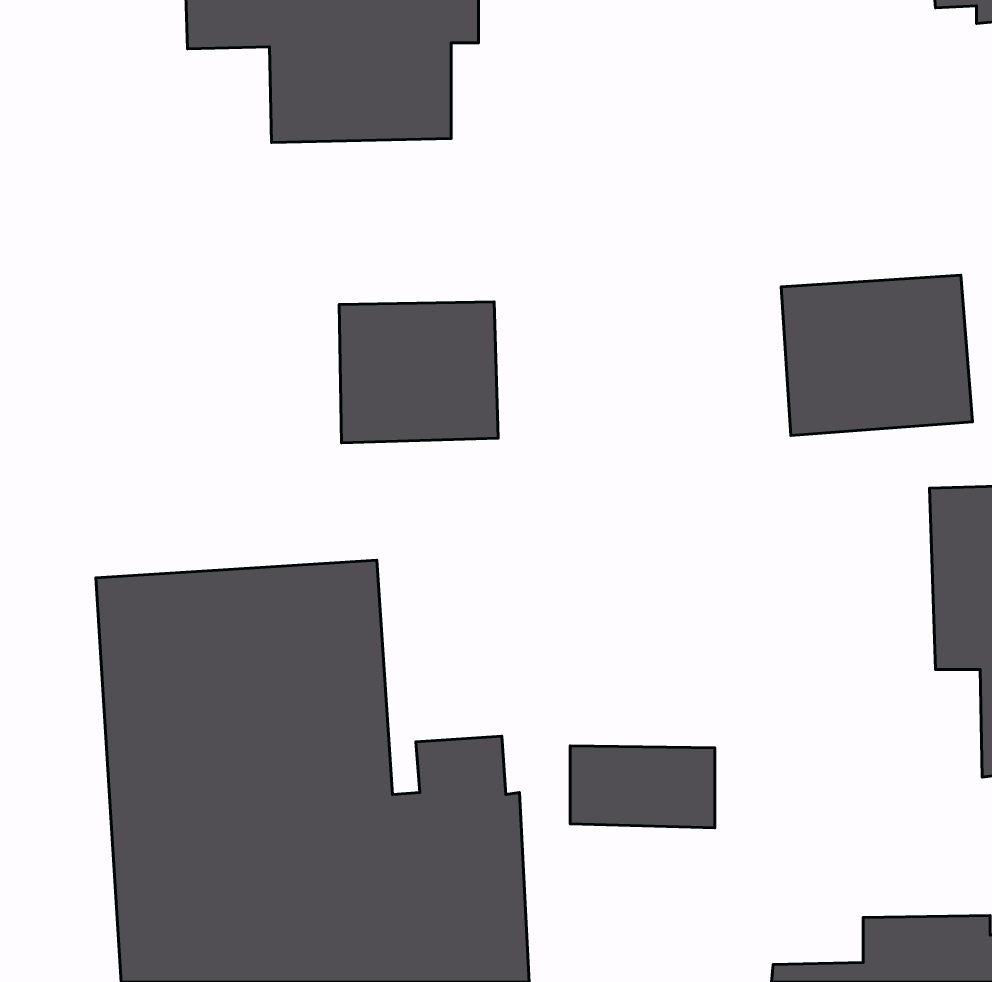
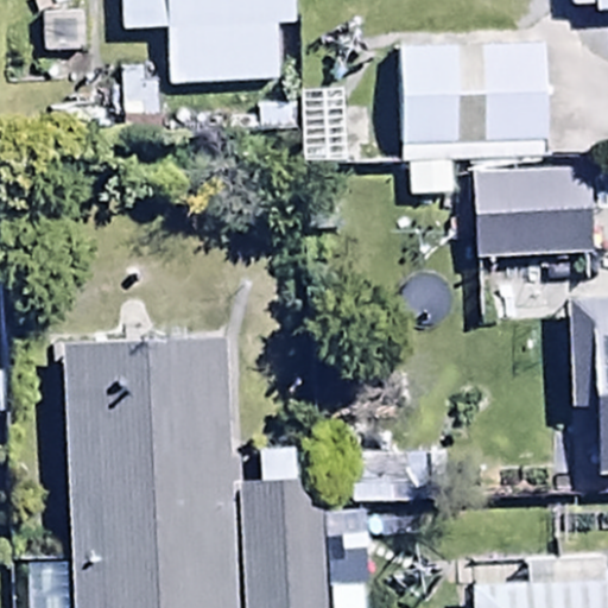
building: none -> [300,30,547,165]
building: [339,302,498,443] -> none

